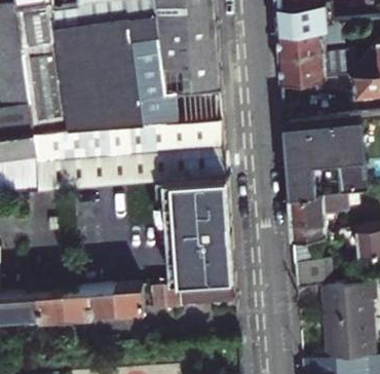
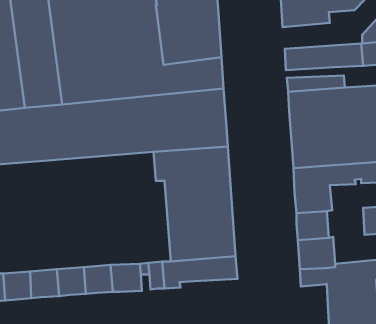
building: [278,57,326,81] -> none

